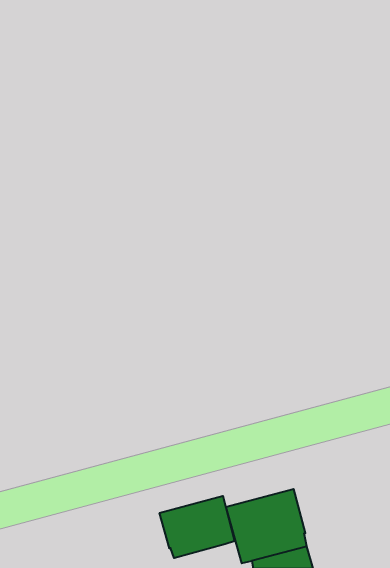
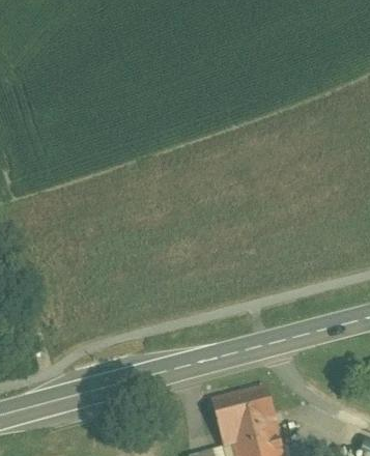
building: [160,496,235,558] -> none

